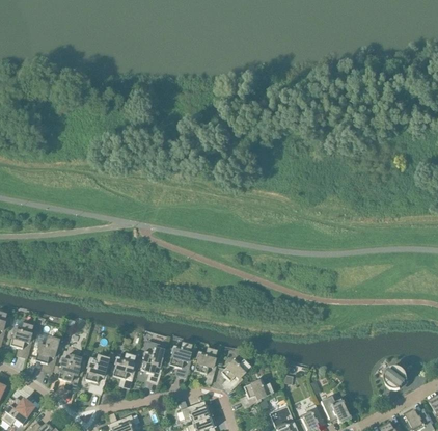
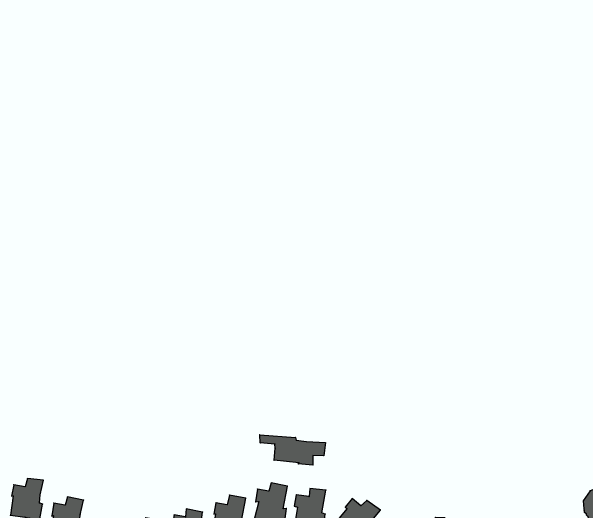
building: none -> [260,435,325,465]

